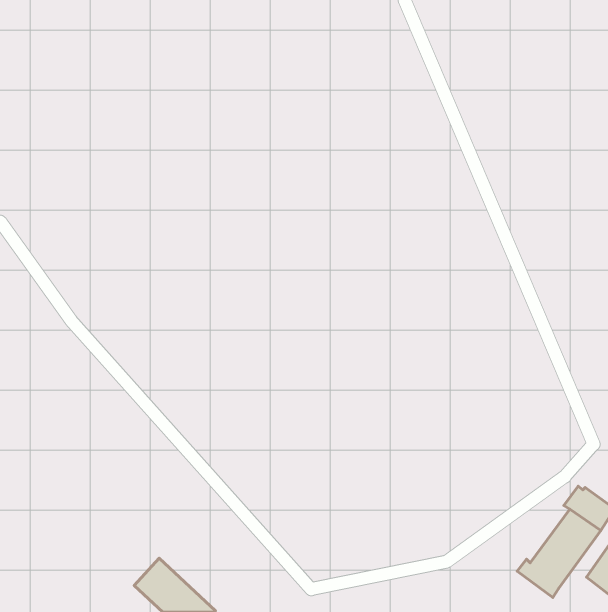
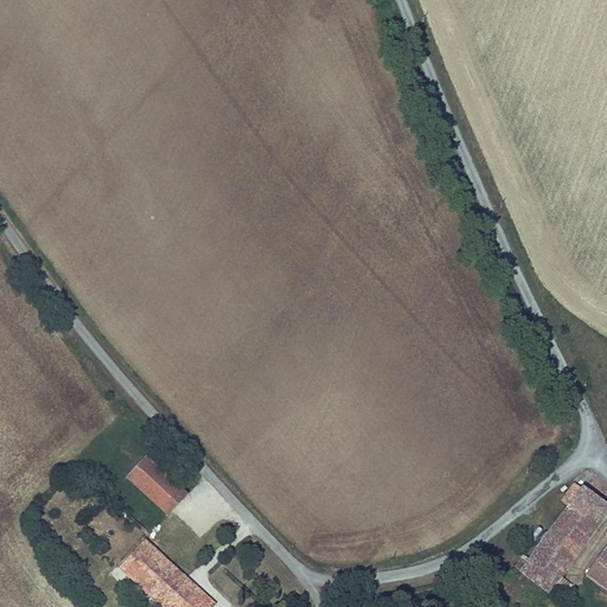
building: none -> [130,458,189,515]
building: none -> [122,539,161,580]

